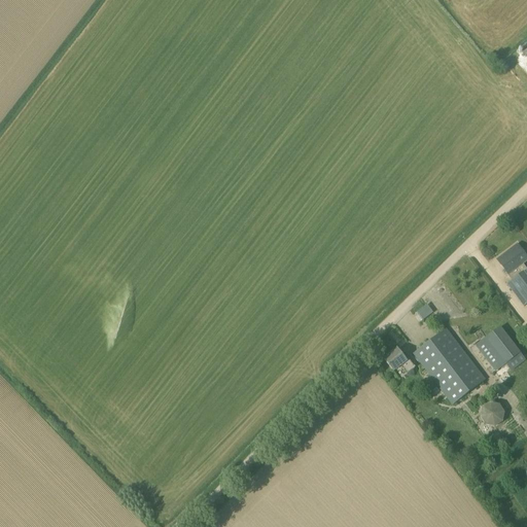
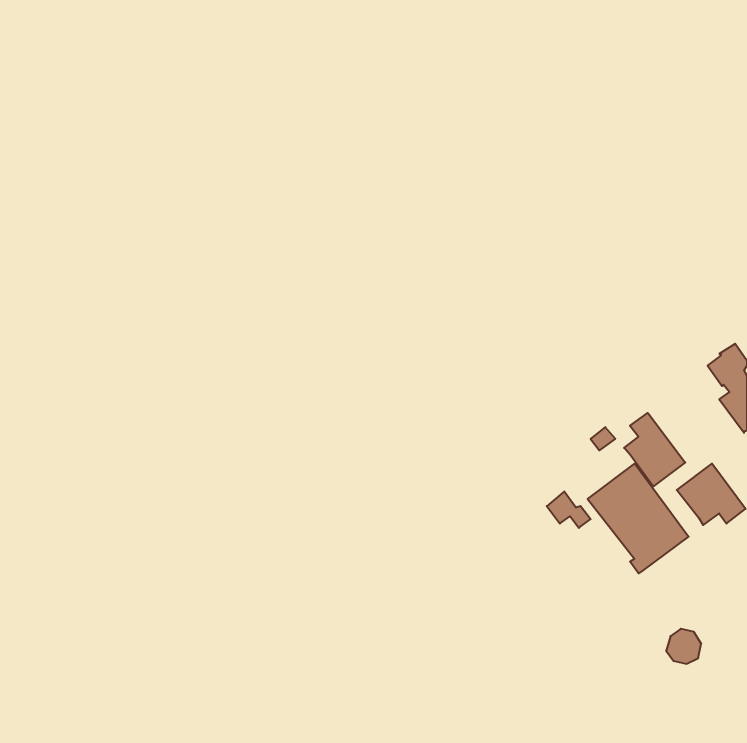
building: none -> [624,413,685,487]
building: [480,399,504,424] -> [666,629,701,664]

